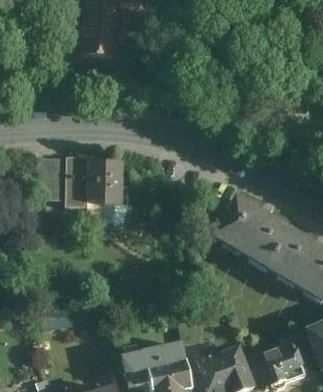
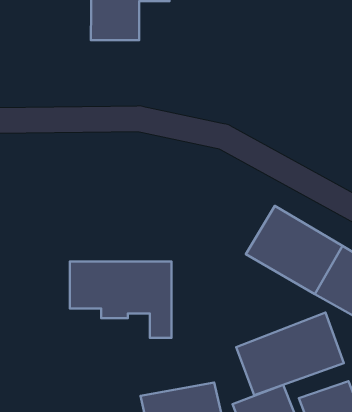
building: [38,157,122,221] -> [70,261,172,338]
building: none -> [236,313,344,395]

